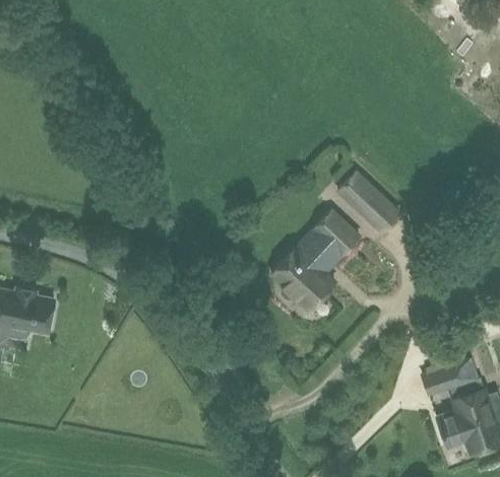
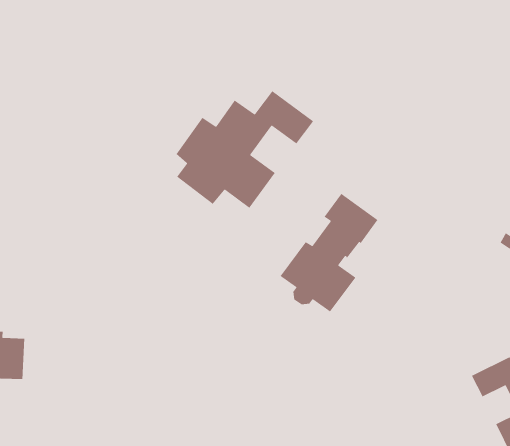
building: none -> [175,90,314,209]
building: [339,173,401,232] -> none

